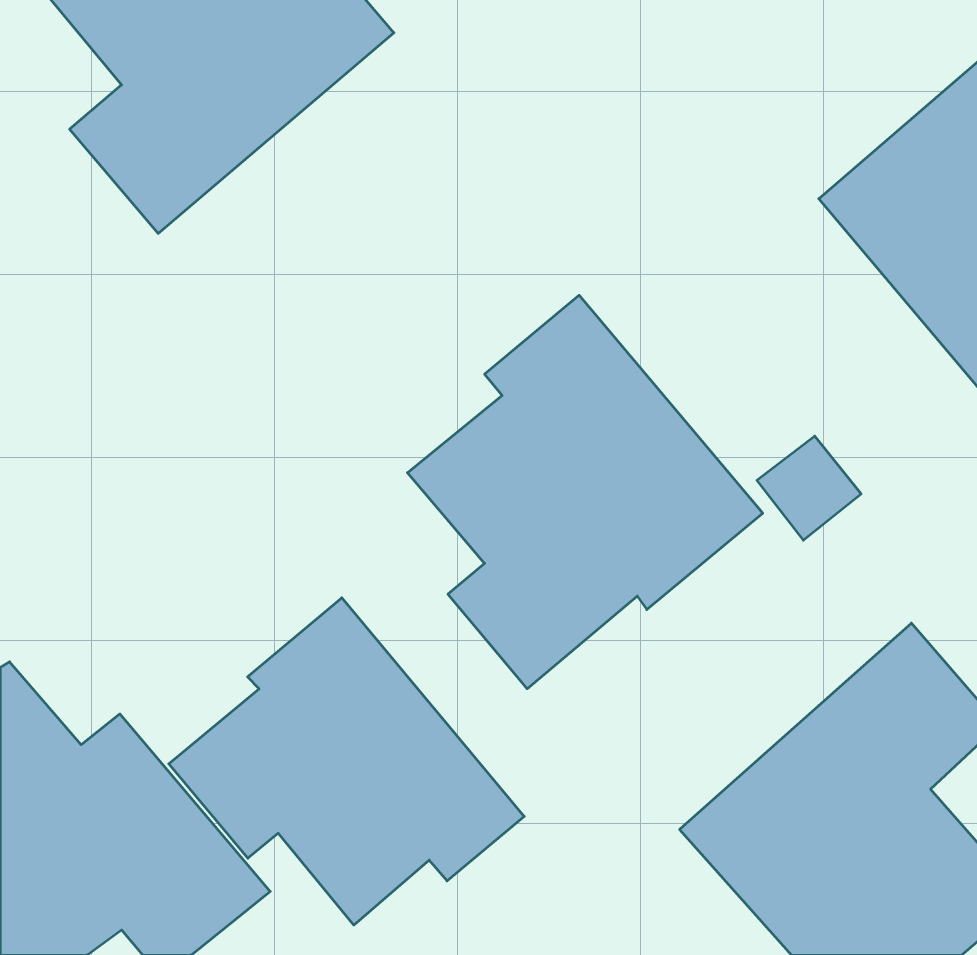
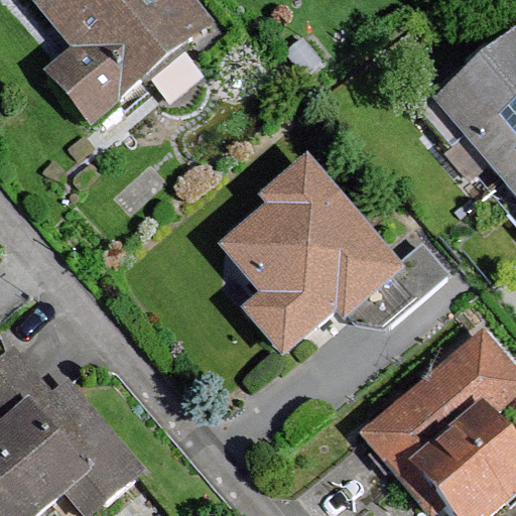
building: [169,598,524,925] -> none

